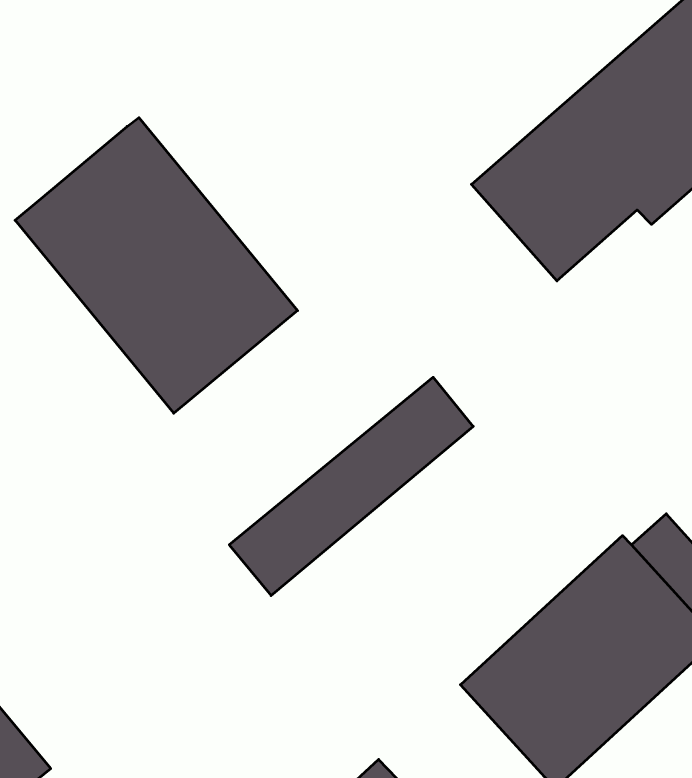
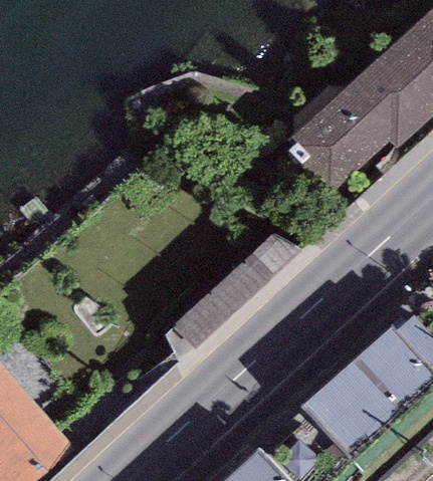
building: [15,118,298,413] -> none

